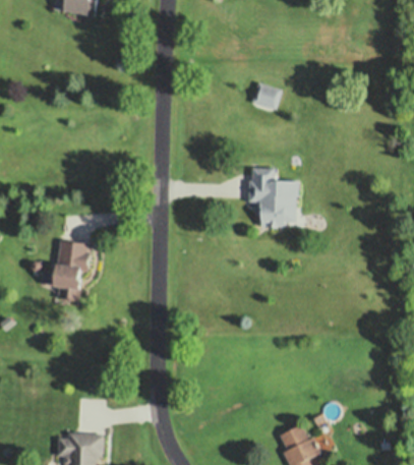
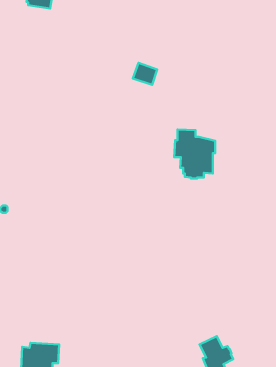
building: [251,83,282,111] -> [133,63,157,85]
building: [54,240,90,300] -> none

